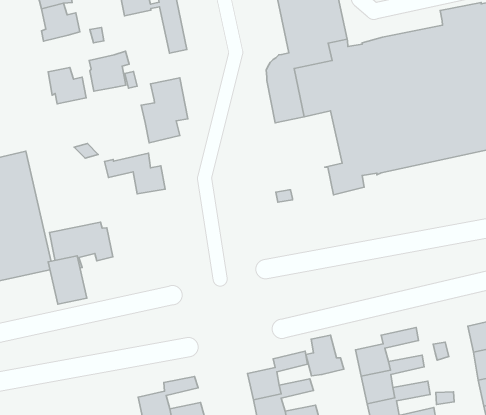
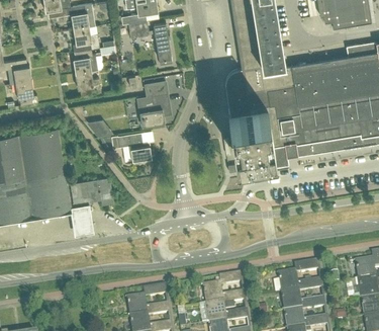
building: [89,51,129,91] -> [74,48,101,74]
building: none -> [228,111,274,154]
building: [306,335,344,376] -> none

